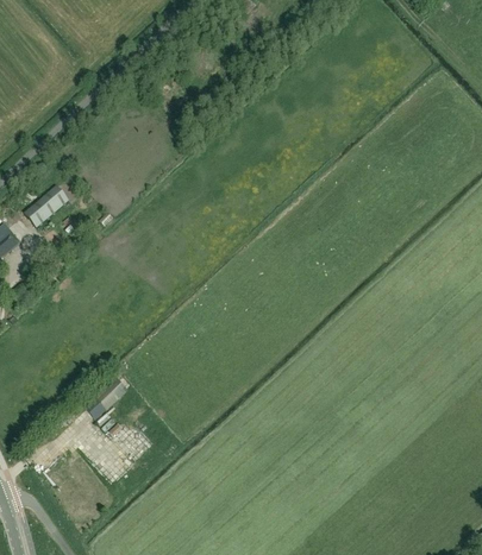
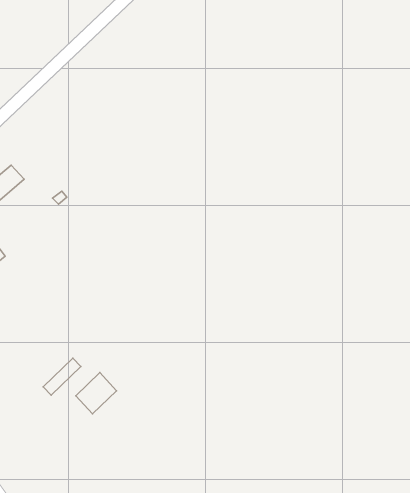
building: none -> [76,373,117,414]

